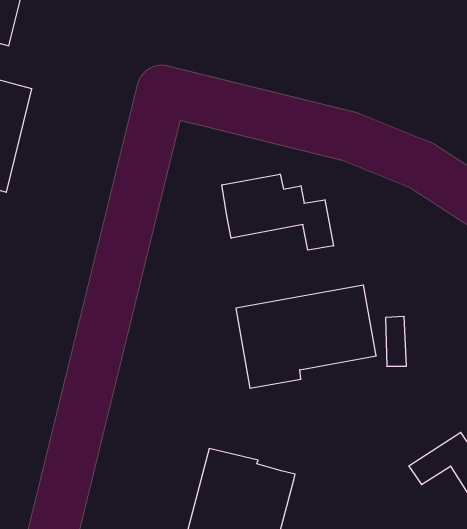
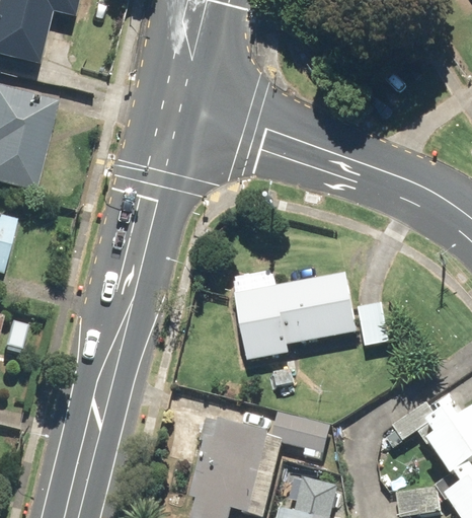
building: [222,174,334,250] -> none
building: none -> [273,408,332,451]

